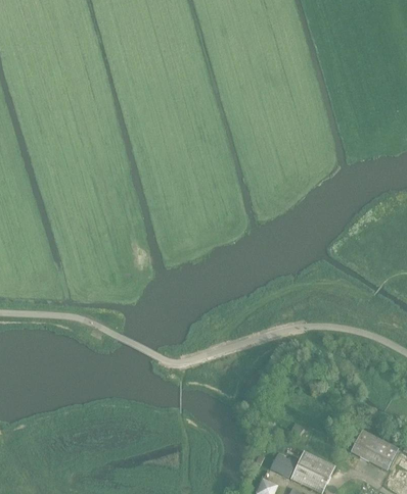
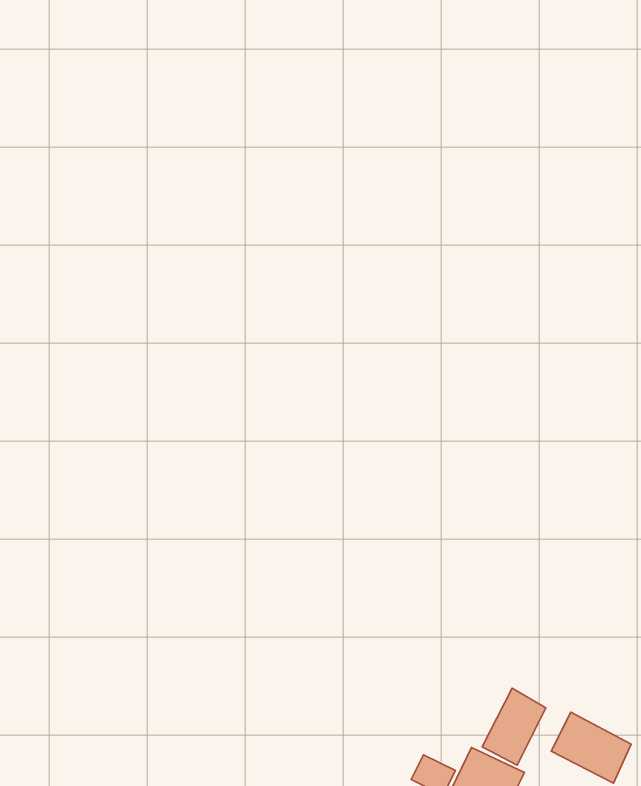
building: none -> [482,688,546,765]

